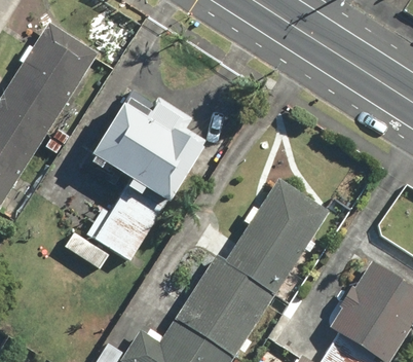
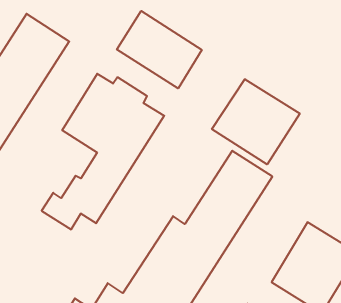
building: none -> [117,11,202,88]
building: none -> [212,79,300,164]

